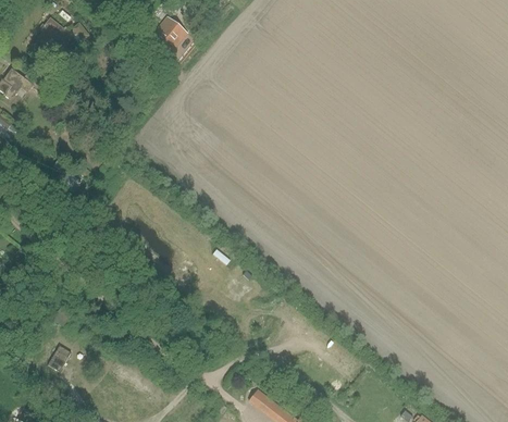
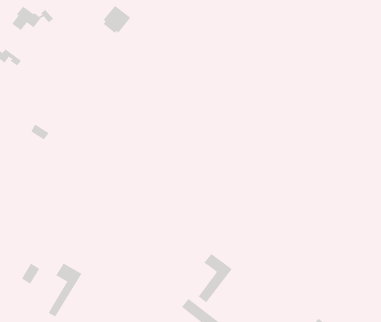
building: none -> [198,253,233,303]
building: none -> [48,263,82,318]

